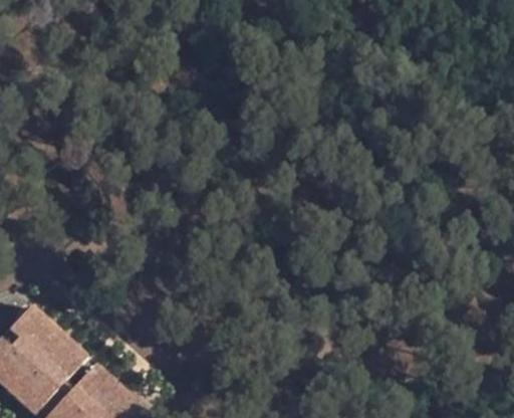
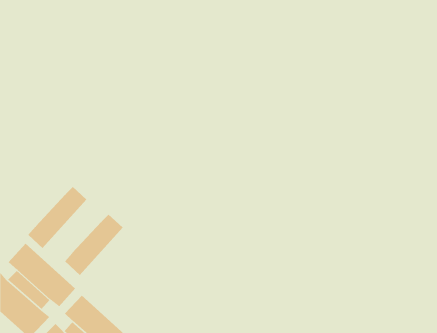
building: none -> [27,186,87,249]
building: none -> [64,214,123,276]

